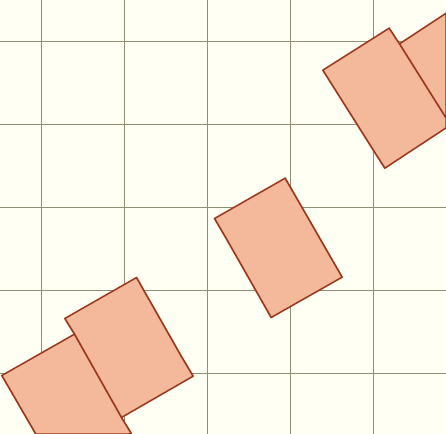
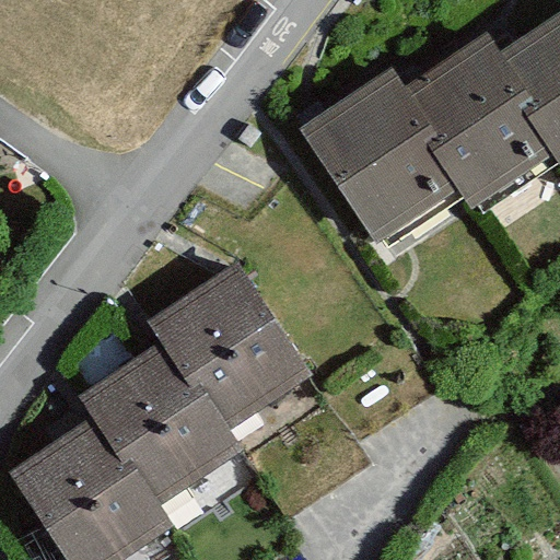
building: none -> [307,68,468,242]
building: [214,178,342,317] -> [156,272,316,446]

